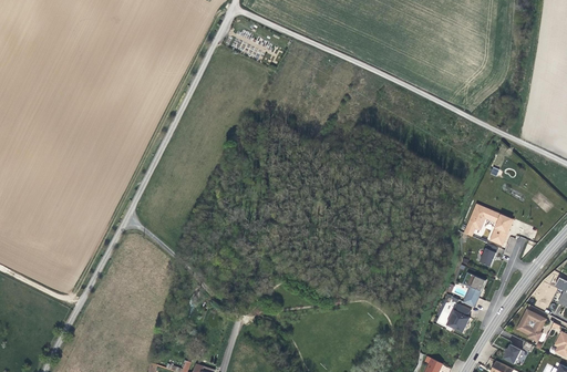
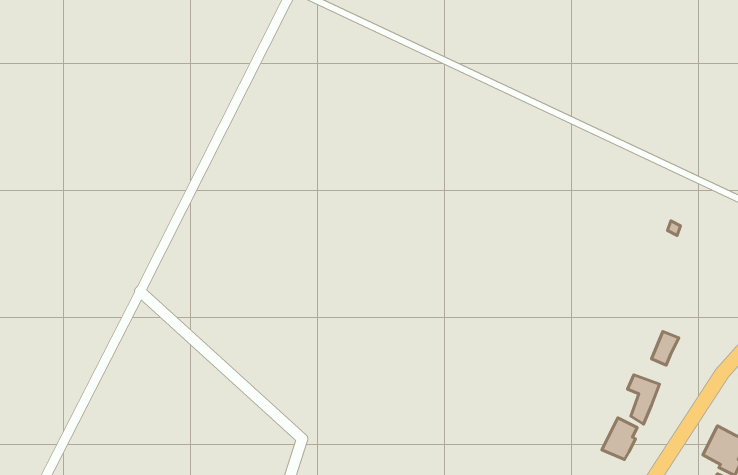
building: [464,204,512,246] -> none

